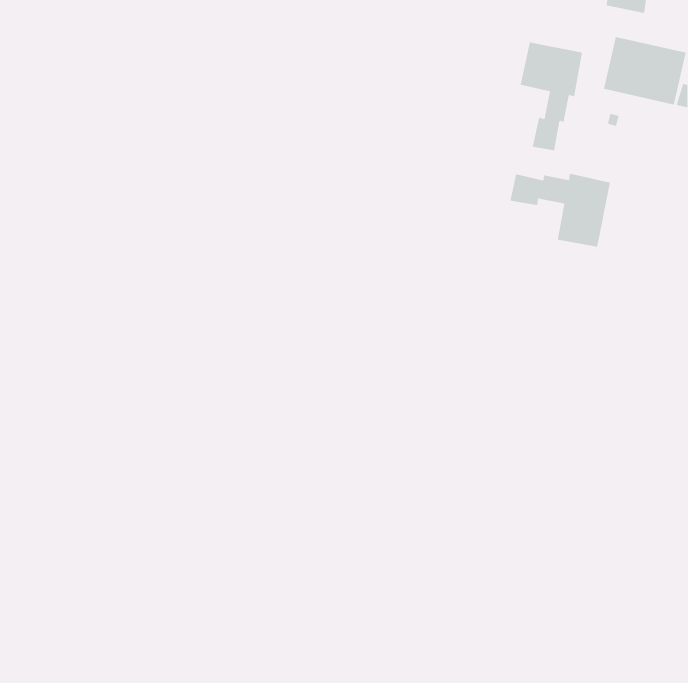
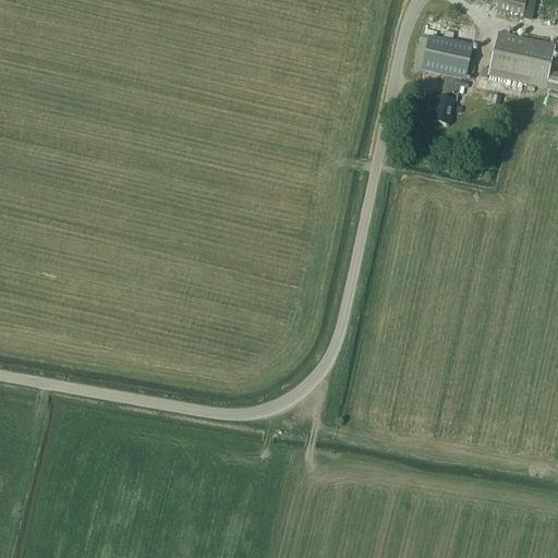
building: [510,173,611,247] -> none

